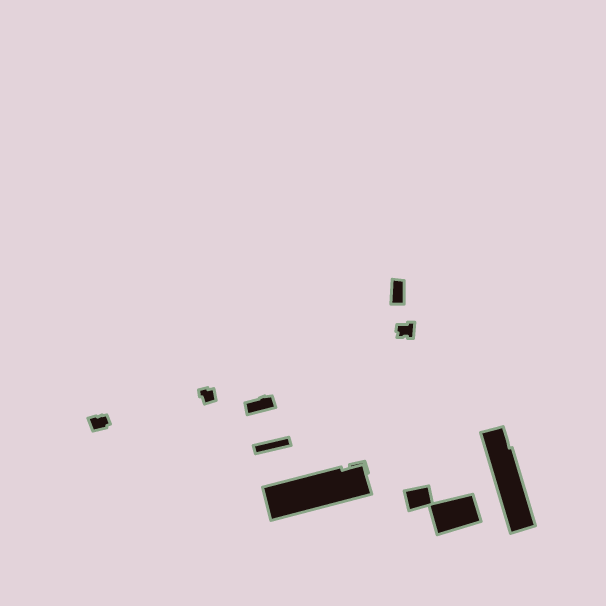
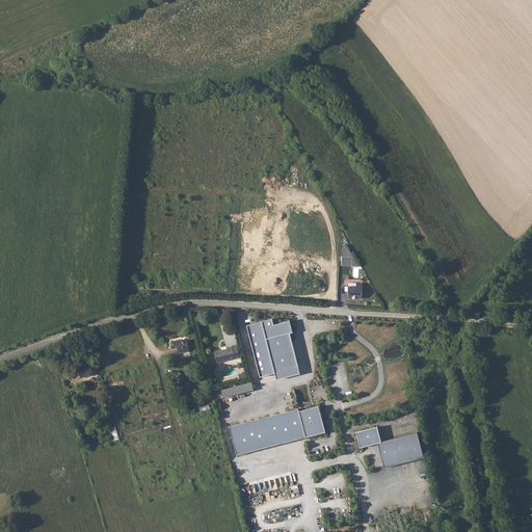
building: none -> [245,317,299,379]
building: [481,426,535,533] -> none

